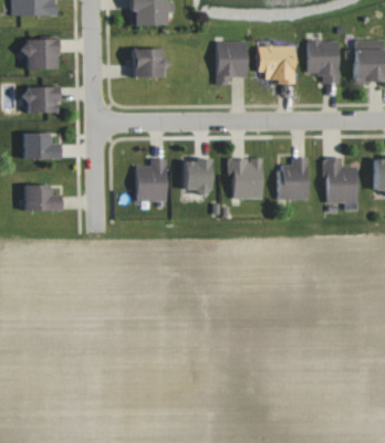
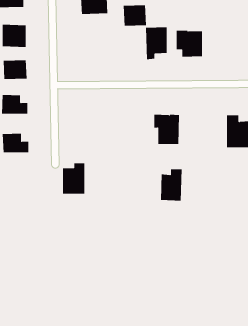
building: [308,41,337,83] -> none
building: [133,48,165,76] -> [123,5,147,26]
building: [279,158,309,201] -> [160,169,182,201]
building: [136,159,167,201] -> [62,163,85,194]
building: [185,159,211,189] -> none

